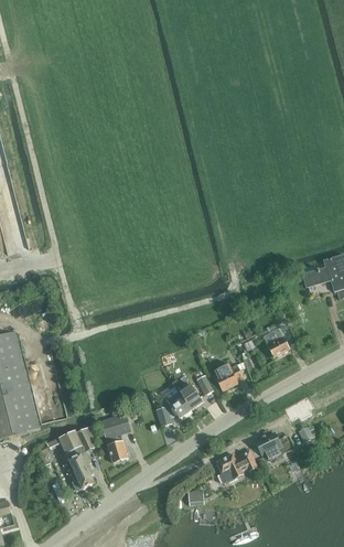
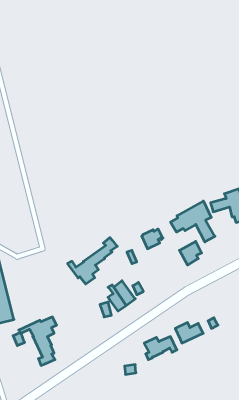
building: none -> [171,201,215,242]
building: none -> [68,238,117,284]
building: [214,364,243,390] -> [142,229,163,249]
building: [100,414,131,462] -> none

